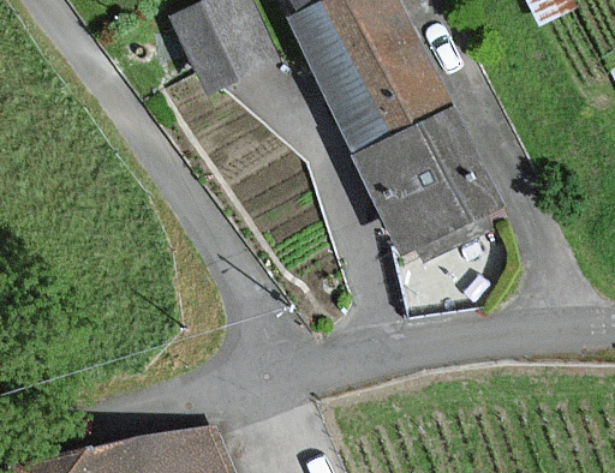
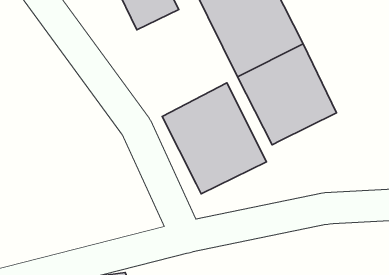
building: none -> [162,83,266,194]

